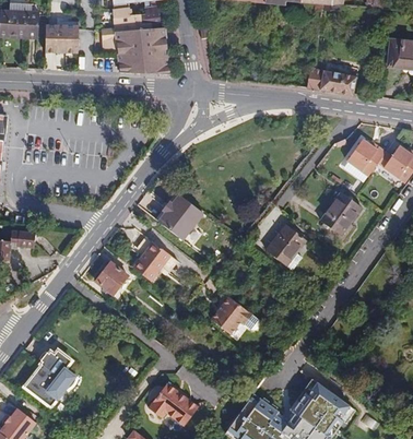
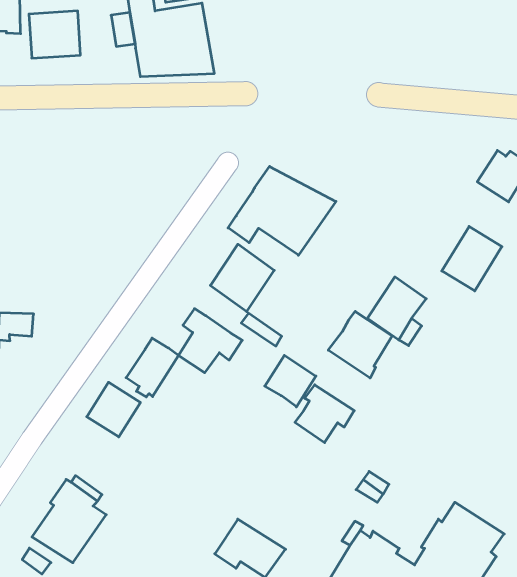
building: [307,67,357,96] -> none
building: none -> [228,166,336,255]
building: none -> [328,311,392,378]
building: none -> [265,355,316,407]
building: none -> [87,382,140,437]

